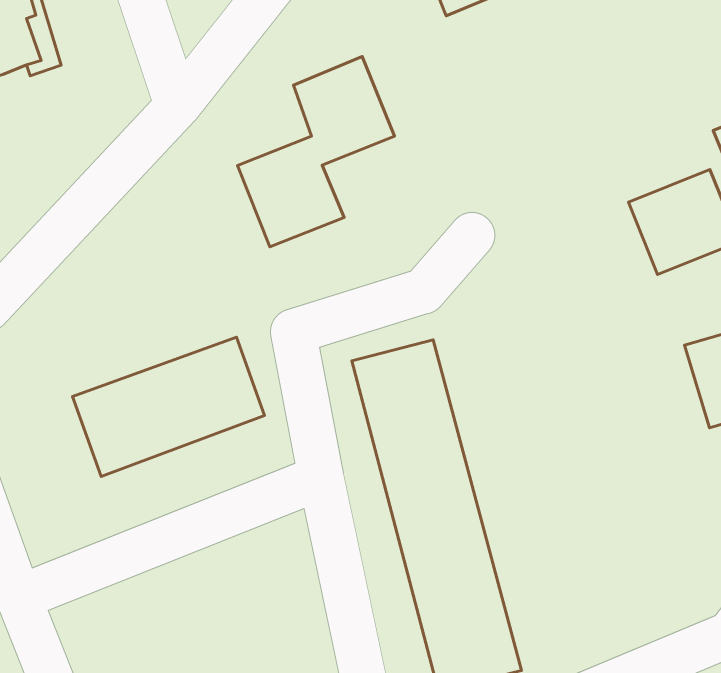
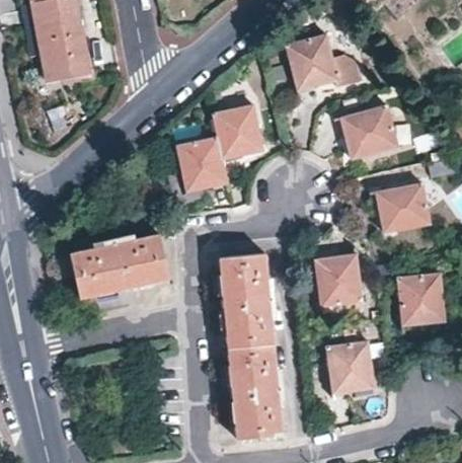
building: none -> [344,113,402,167]
building: none -> [317,254,366,305]
building: none -> [327,341,375,392]

